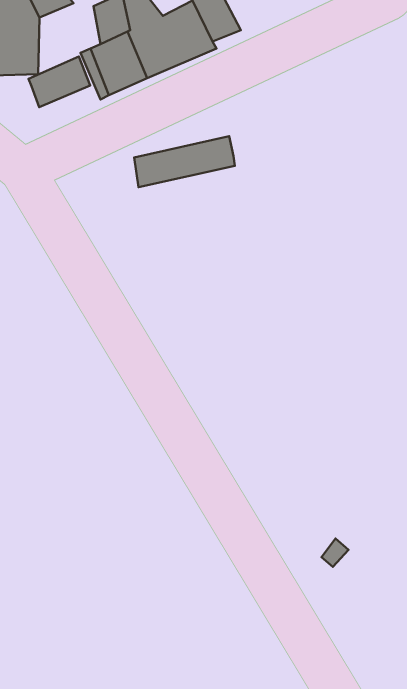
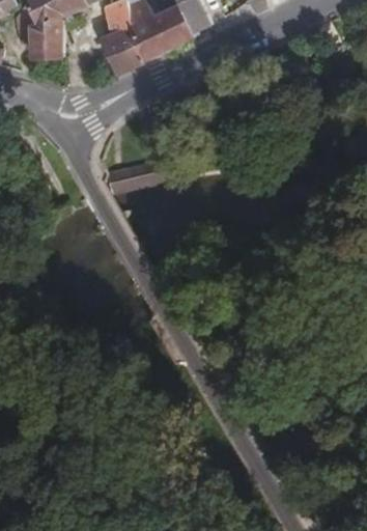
building: [28,56,90,107] -> none
building: [134,136,235,187] -> [108,158,181,195]

